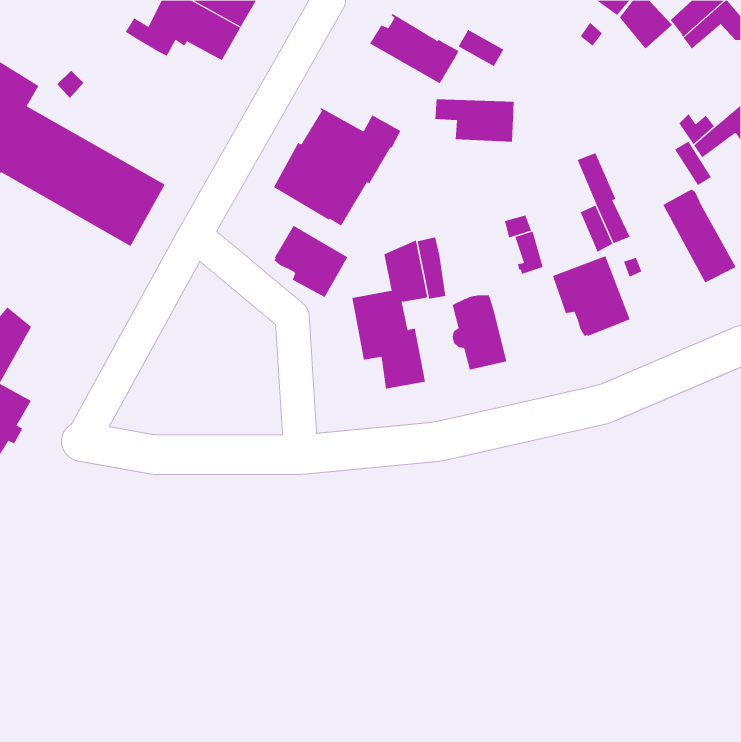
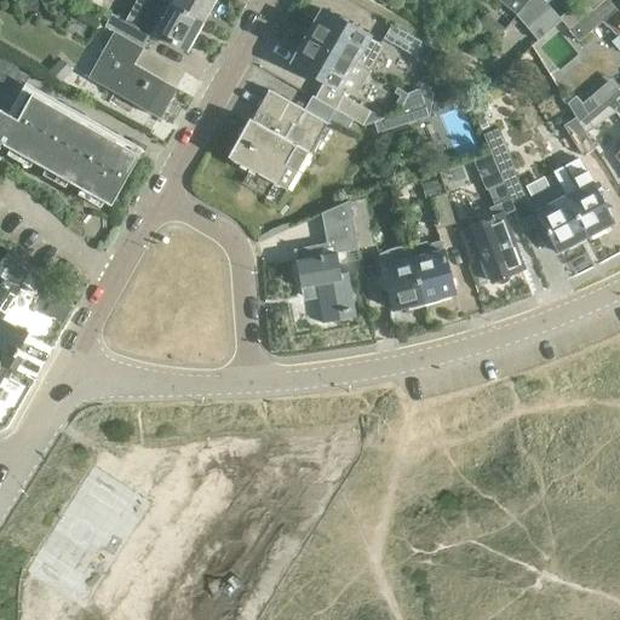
building: none -> [88,33,183,119]
building: none -> [292,36,369,125]
building: none -> [528,171,587,252]
building: [273,225,348,298] -> none
building: none -> [412,242,453,302]

